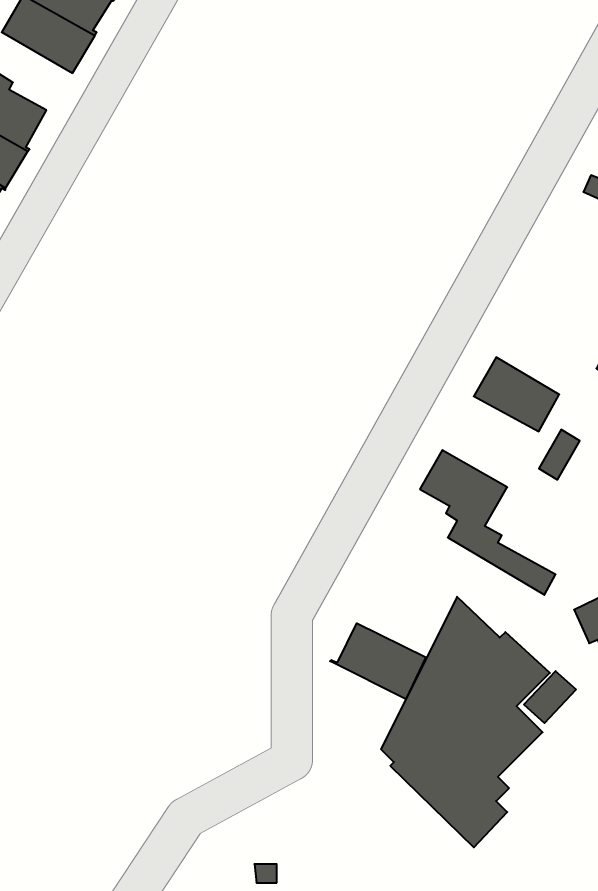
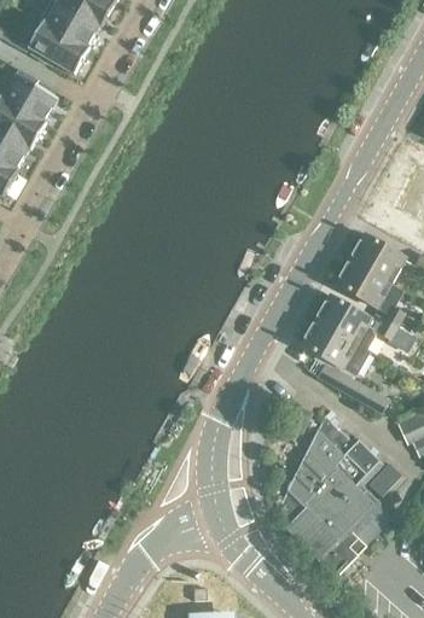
building: none -> [350,233,406,282]
building: none -> [315,293,372,343]
building: [330,623,426,699] -> none

